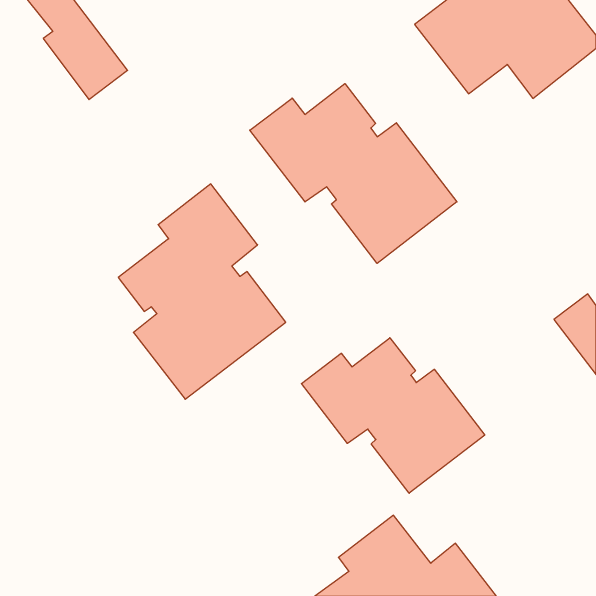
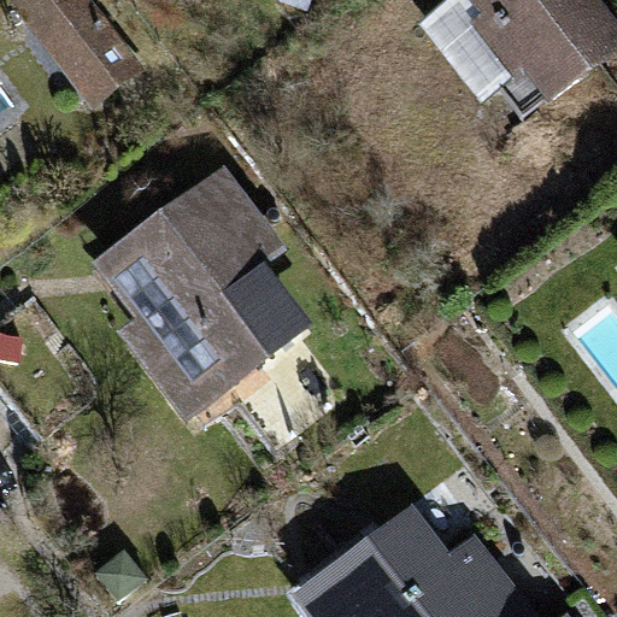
building: [250,84,457,263] -> none
building: [301,338,485,493] -> none

